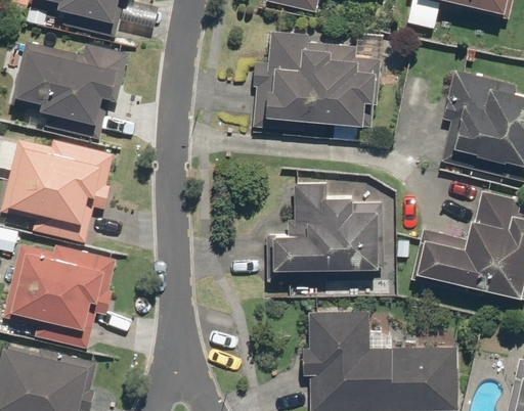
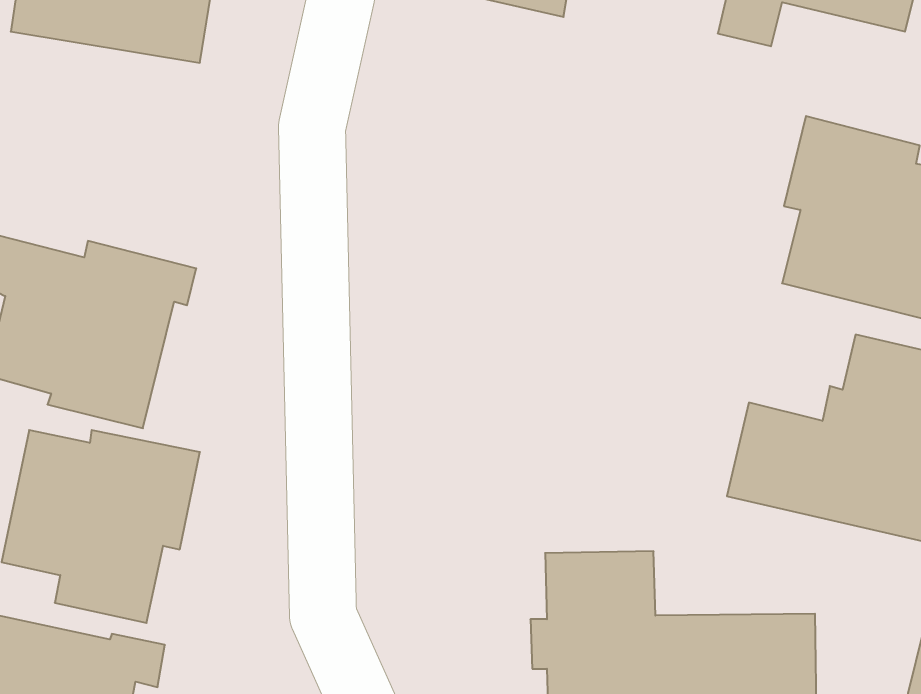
building: [251,30,382,131] -> none
building: [10,40,126,139] -> none
building: [266,182,387,282] -> none

